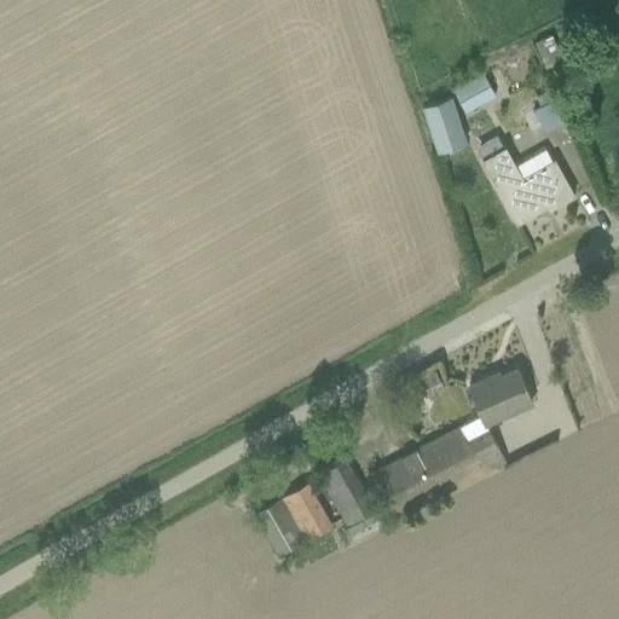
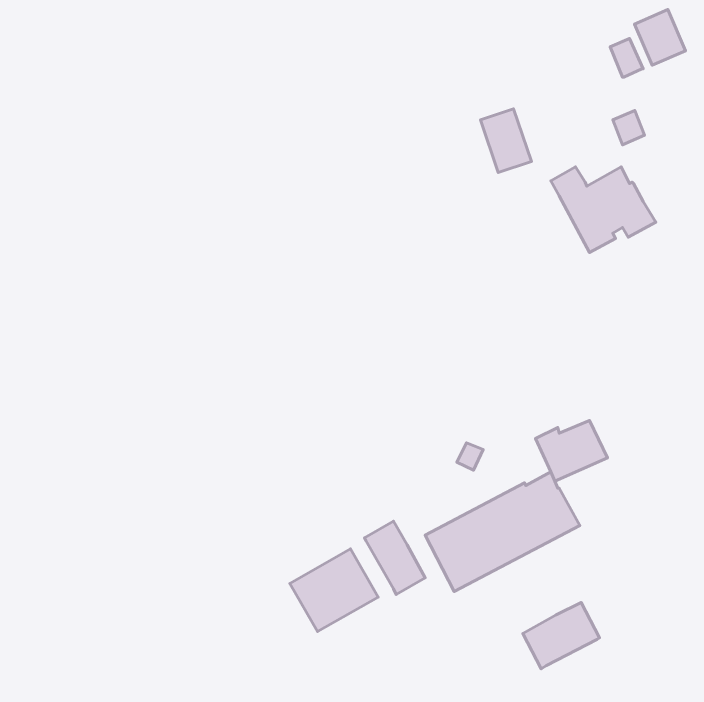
building: none -> [635,10,685,65]
building: [453,71,497,111] -> none
building: none -> [523,602,600,669]

